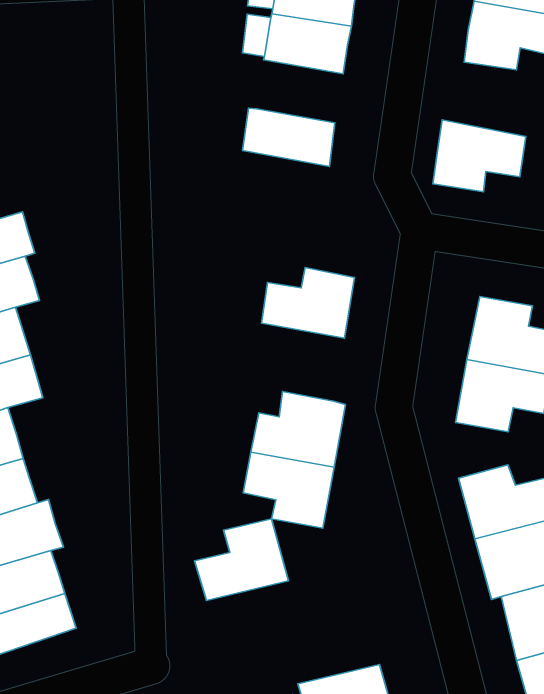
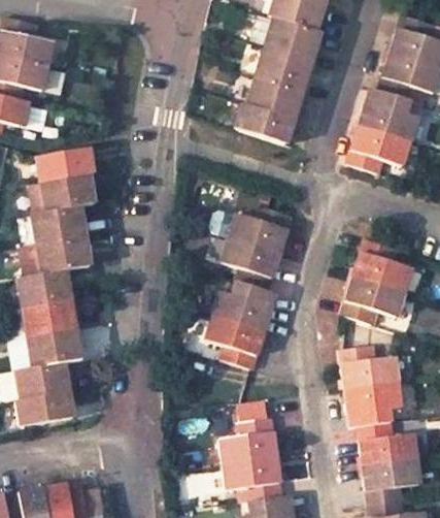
building: none -> [360,89,418,143]
building: none -> [245,73,302,119]
building: none -> [222,237,280,292]
building: [195,519,288,600] -> [217,420,274,465]

